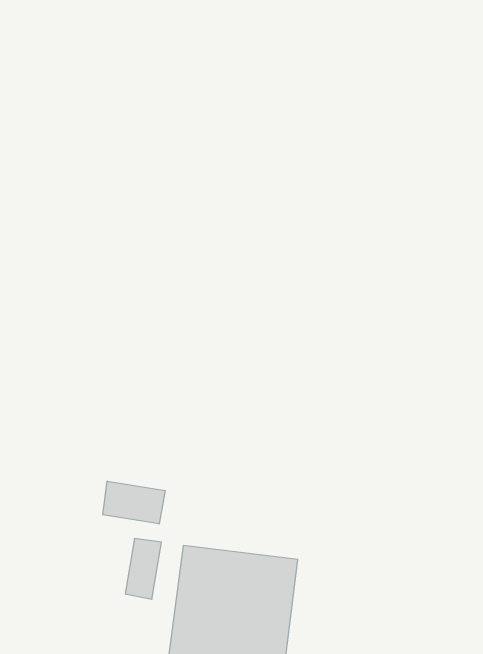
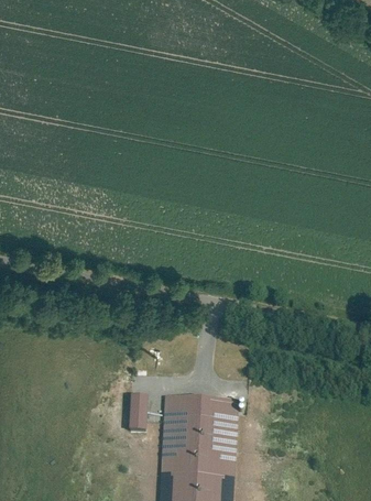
building: [103,481,165,524] -> none

